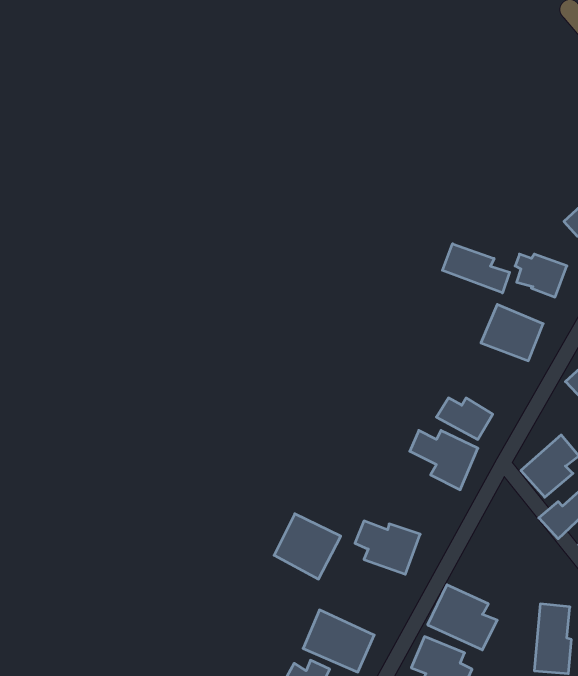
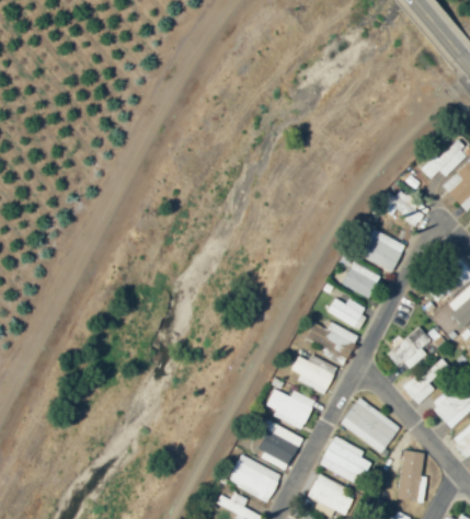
building: [442,244,510,293] -> none
building: none -> [342,263,380,299]
building: none -> [290,356,336,394]
building: [274,514,341,579] -> [255,423,305,471]
building: none -> [341,399,401,453]

